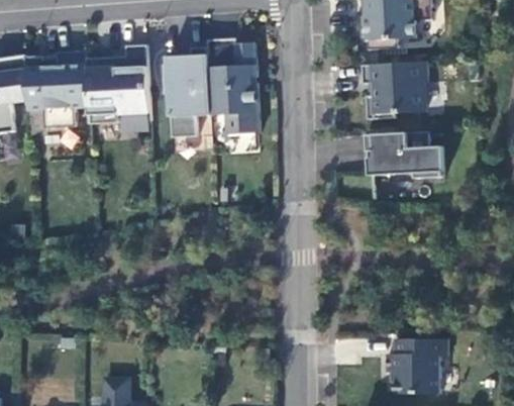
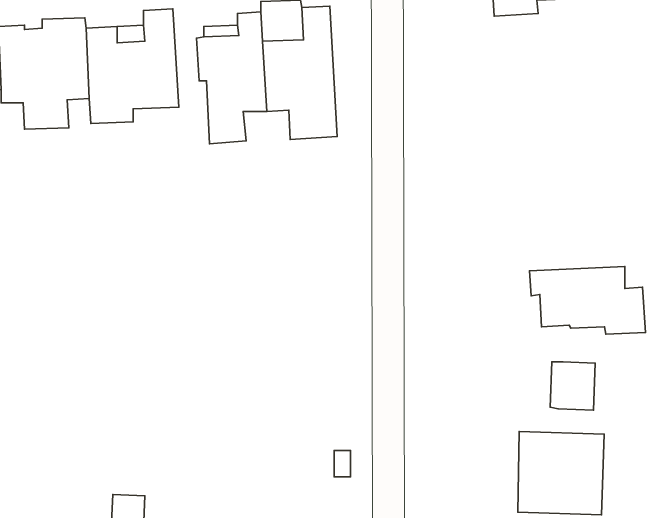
building: [362,63,427,120] -> none
building: [364,132,443,179] -> [530,267,646,334]
building: none -> [550,362,595,410]

